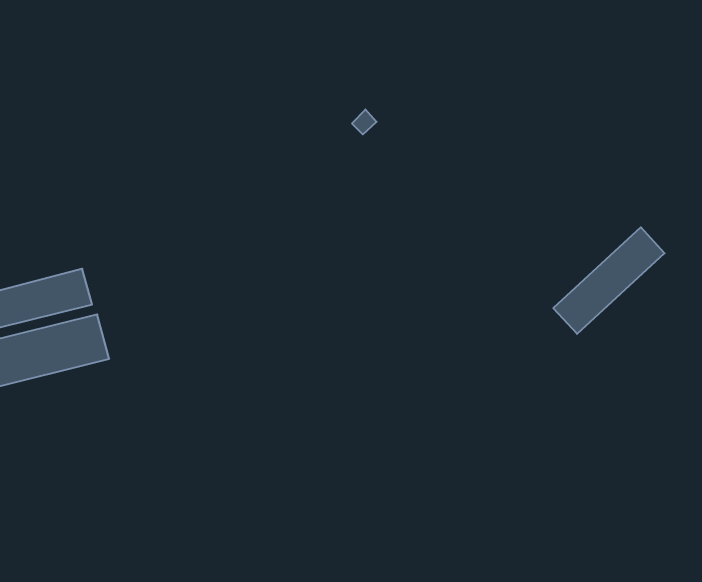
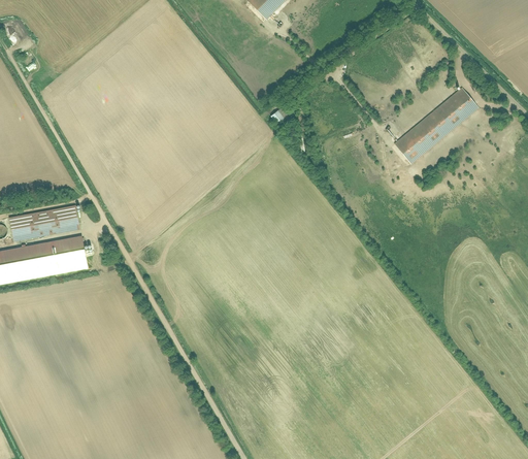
building: [553,227,665,334] -> [394,90,475,162]

